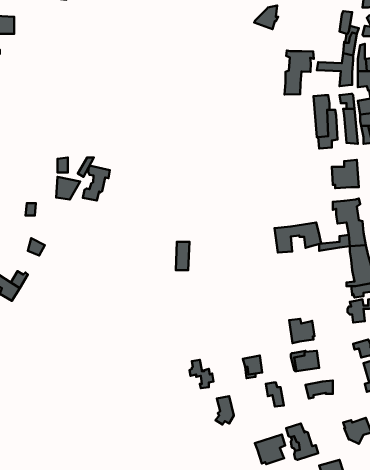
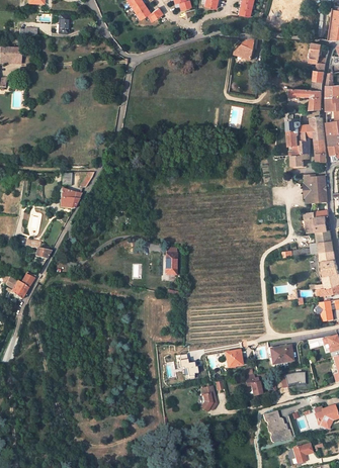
building: [284,50,314,94] -> none
building: [83,166,110,201] -> none
building: [275,222,321,252] -> none
building: [289,319,315,343] -> none
building: [255,435,285,464] -> none

